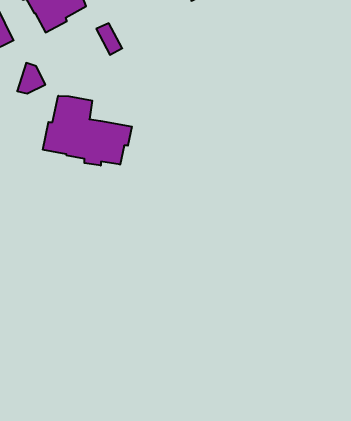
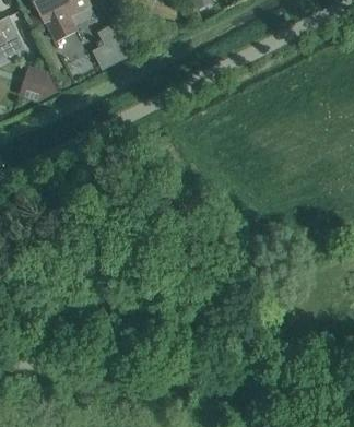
building: [43,96,132,166] -> none

